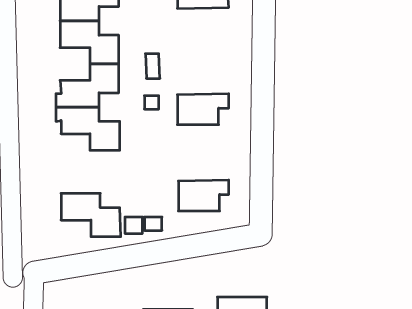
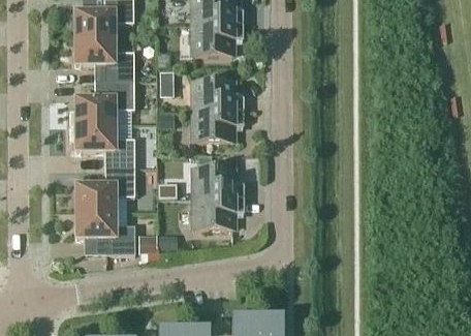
building: none -> [192,22,244,53]
building: none -> [192,79,244,110]
building: none -> [75,165,134,209]
building: none -> [192,165,244,196]

